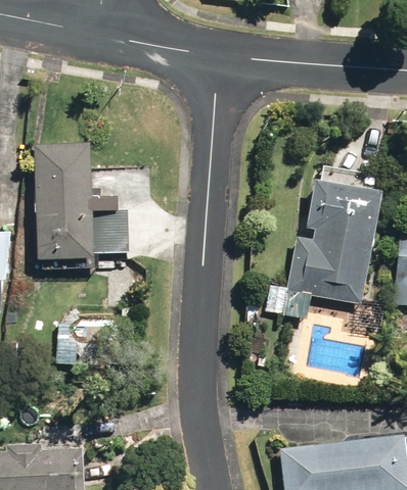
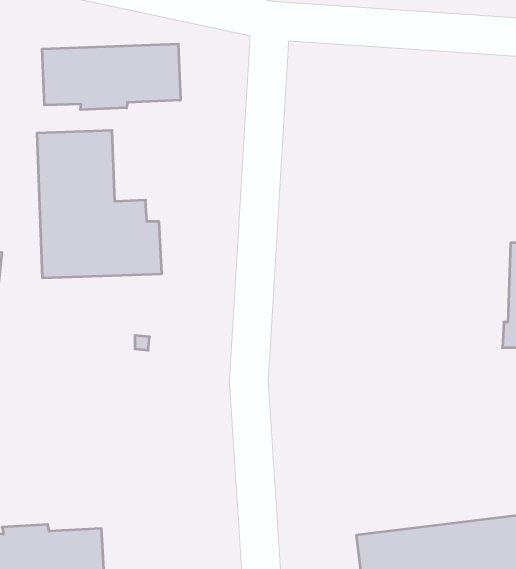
building: none -> [42,44,180,110]
building: [280,180,381,320] -> none

